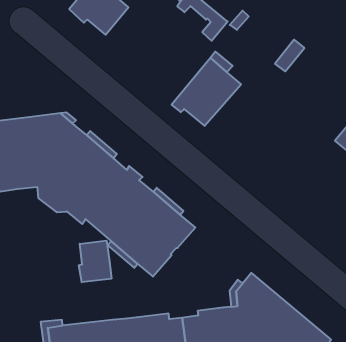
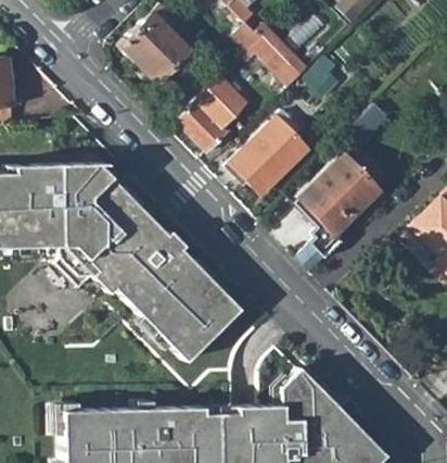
building: none -> [177,76,248,151]
building: none -> [297,153,376,271]
building: [79,241,111,282] -> none

